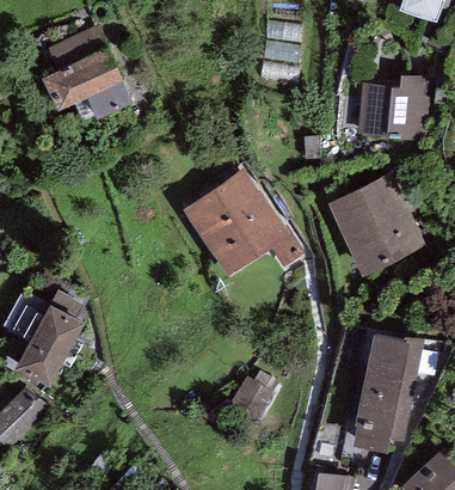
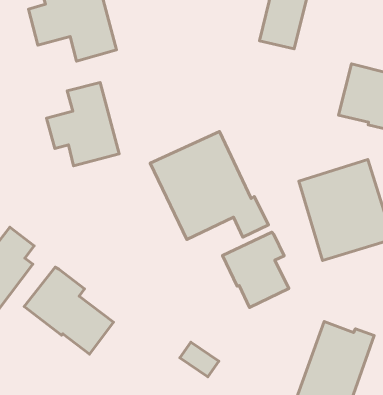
building: none -> [46,82,119,166]
building: none -> [222,232,289,308]
building: none -> [24,267,113,354]

